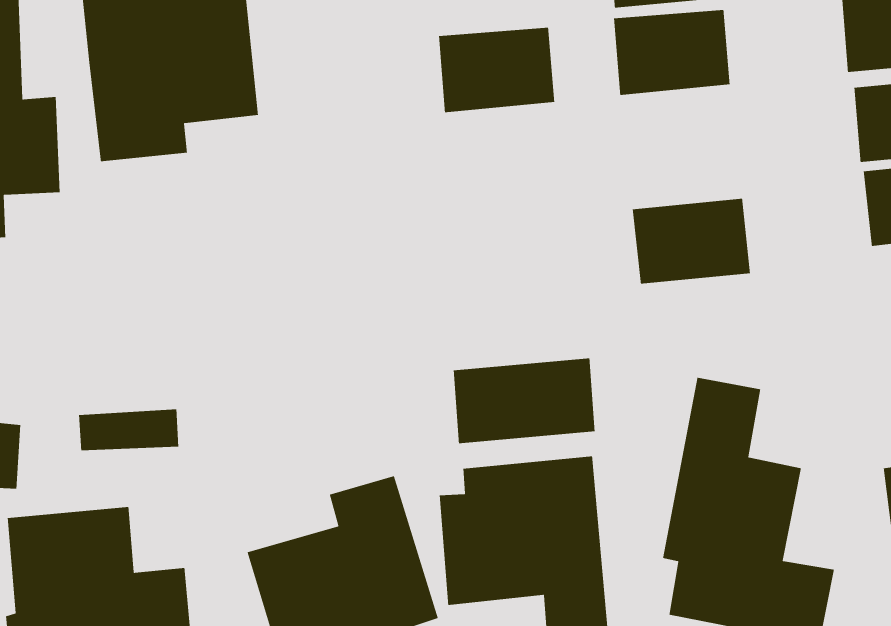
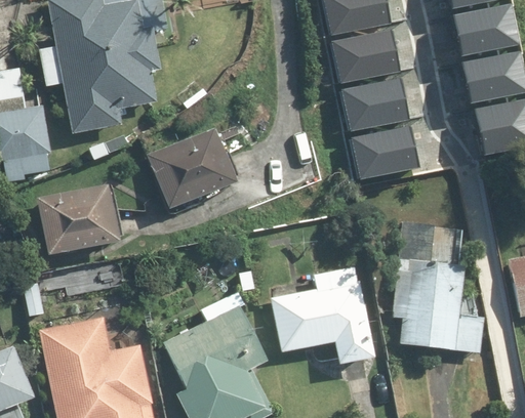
building: [438,27,555,113] -> [349,79,414,130]
building: none -> [142,127,233,214]
building: none -> [35,186,116,261]
building: [453,358,595,444] -> none

